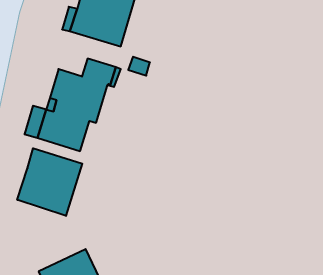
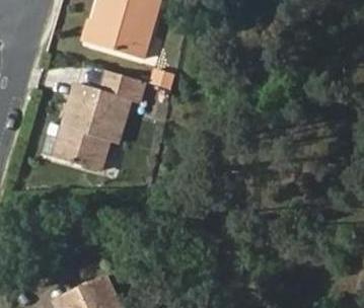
building: [17,148,82,216] -> none

